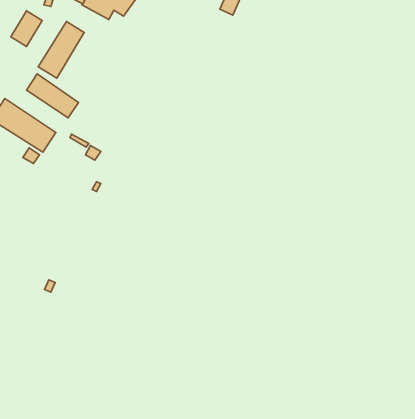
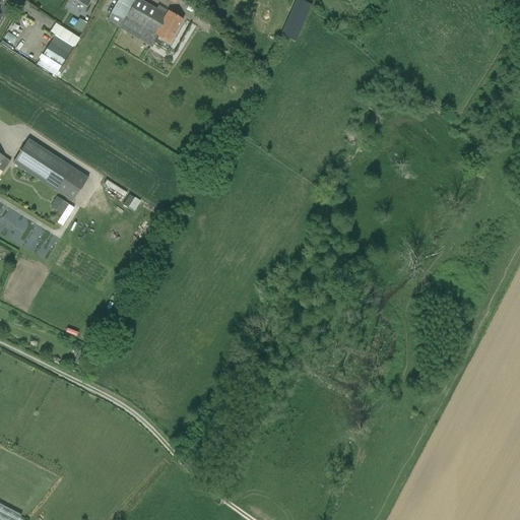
building: [38,22,84,78] -> none
building: [27,74,78,118] -> none

